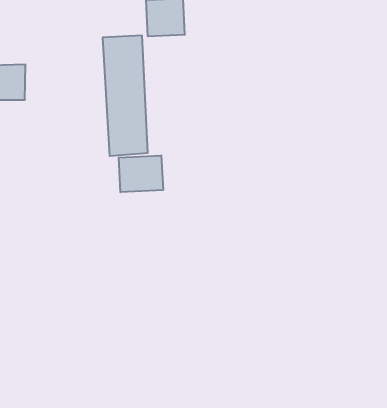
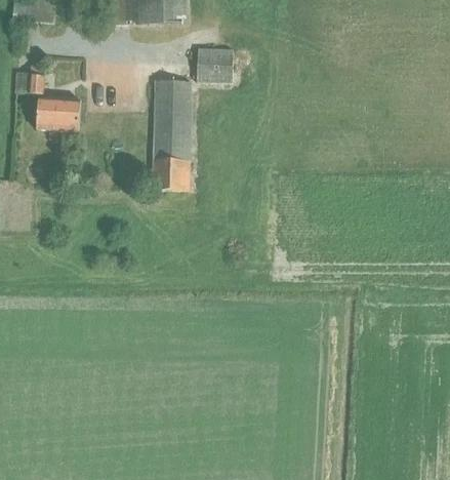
building: [119,155,163,192] -> none

